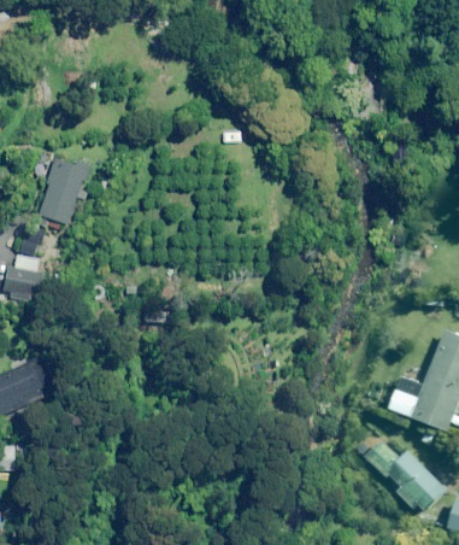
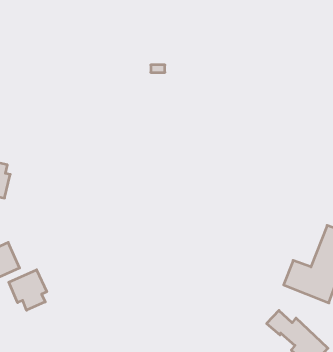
building: [39,156,90,223] -> none
building: none -> [9,270,47,310]

